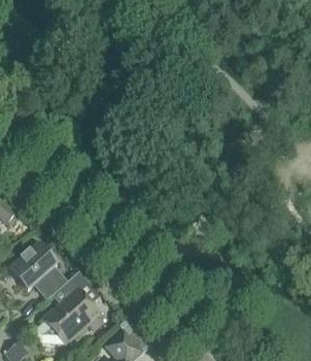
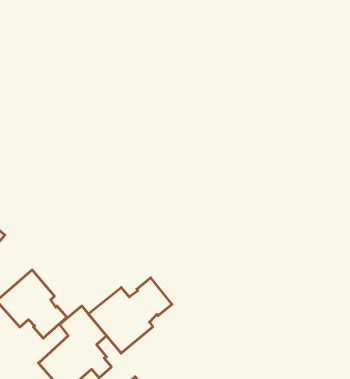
building: none -> [88,278,172,353]

